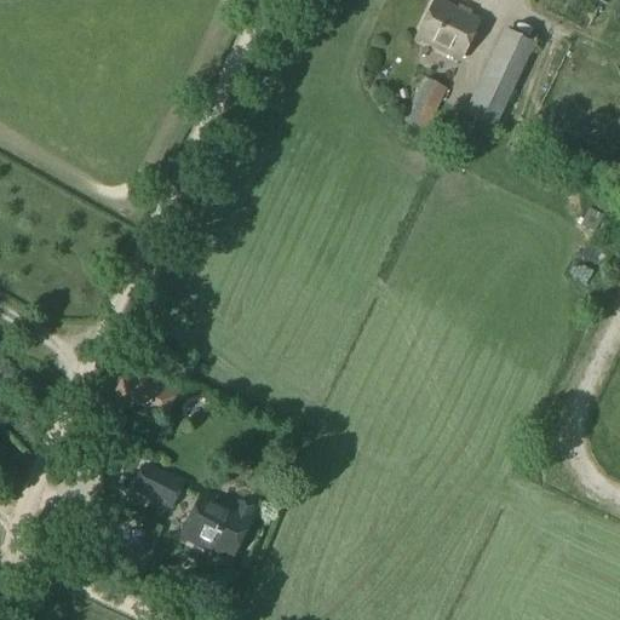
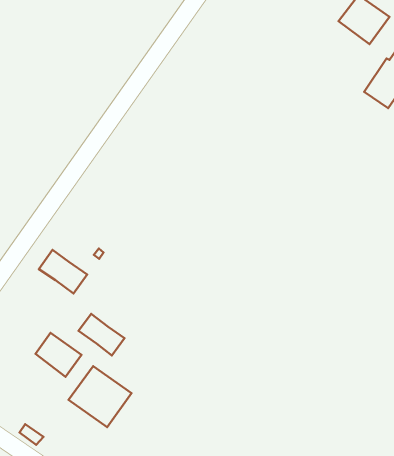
building: [402,76,447,132] -> none
building: none -> [79,314,124,355]

